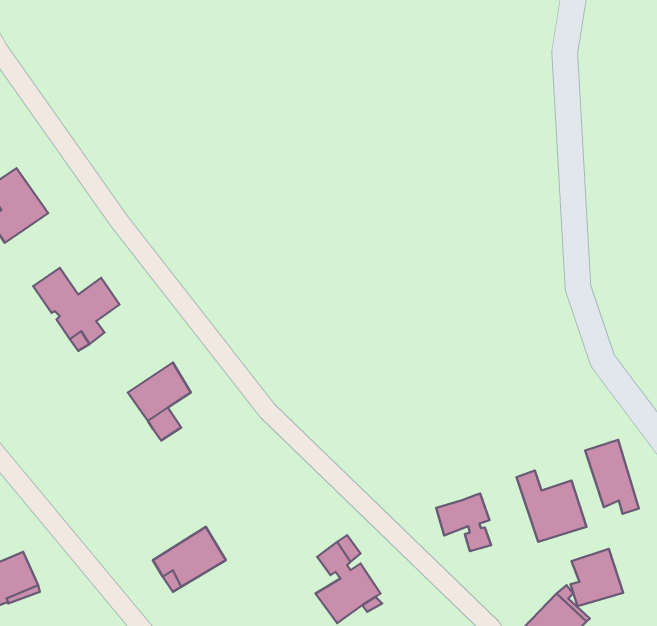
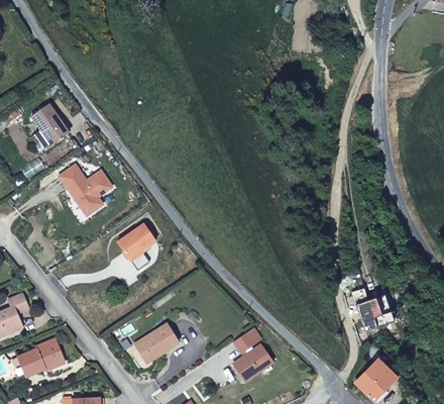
building: [585,440,639,514] -> none
building: [436,494,491,551] -> none
building: [571,549,623,606] -> none

